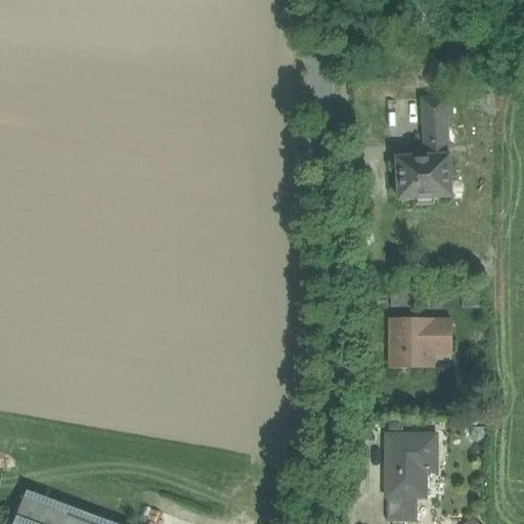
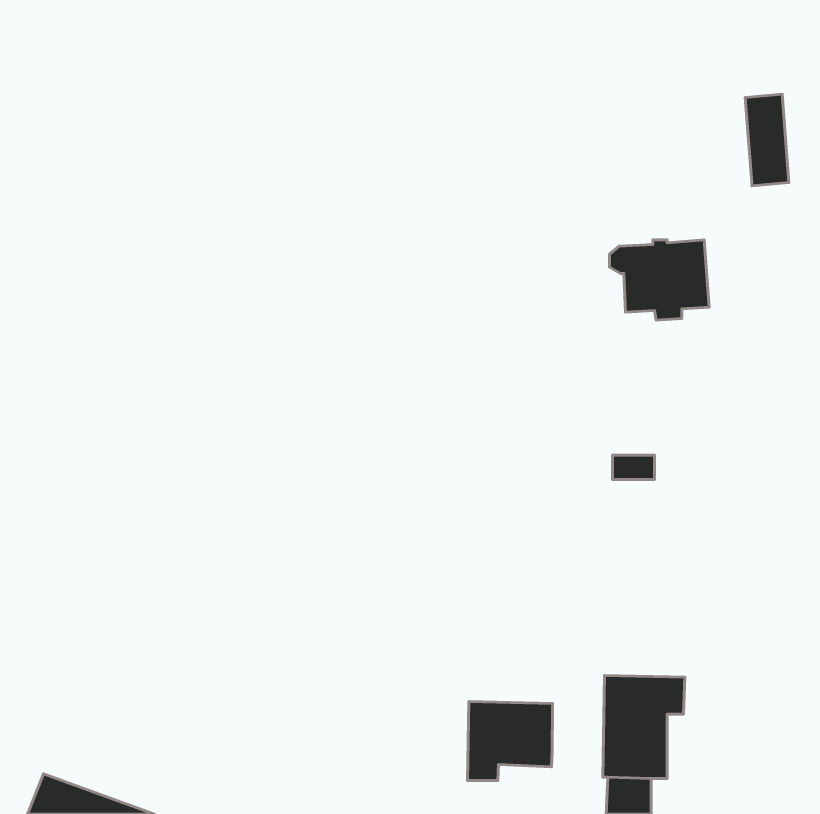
building: [422,96,449,155] -> [745,94,789,186]
building: [389,317,452,368] -> none
building: none -> [467,701,553,781]

